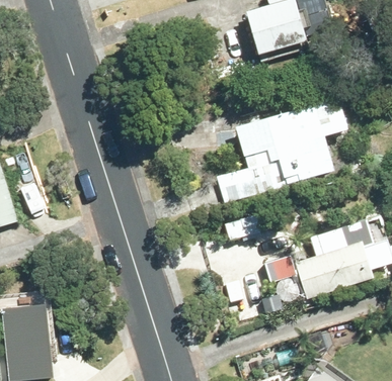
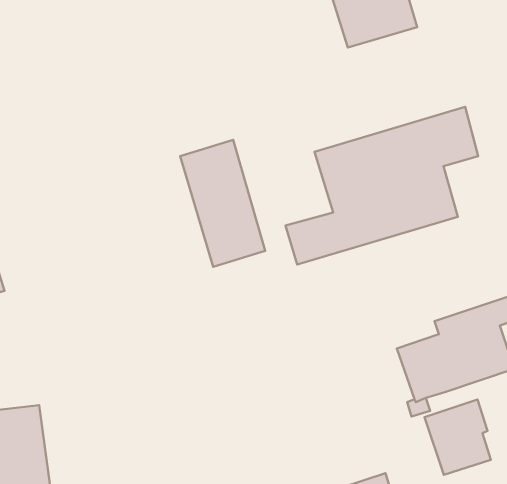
building: none -> [180,140,265,267]
building: none -> [424,399,491,475]

